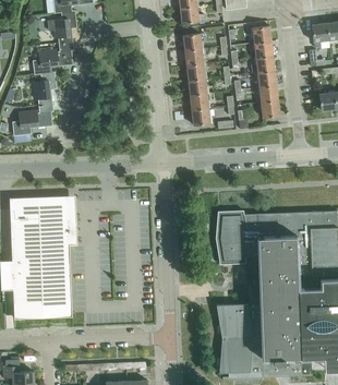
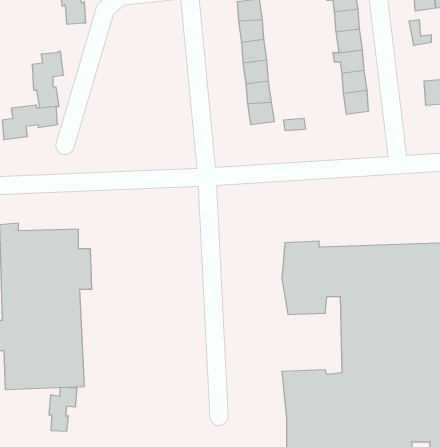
building: [33,49,73,74] -> none
building: none -> [49,387,77,431]

